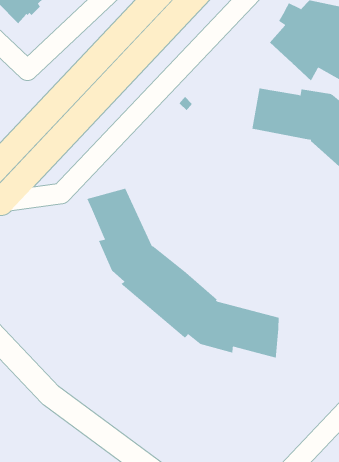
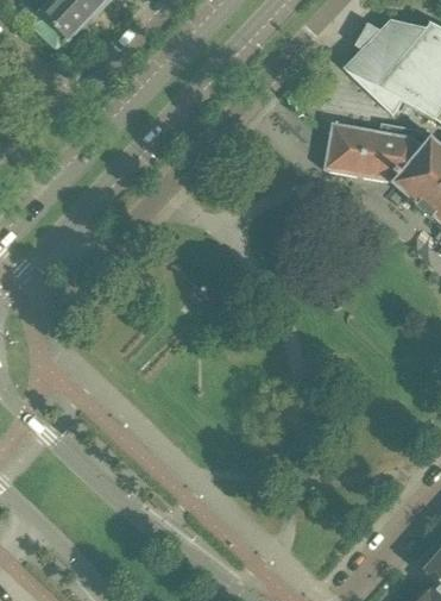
building: [86,188,279,358] -> none

